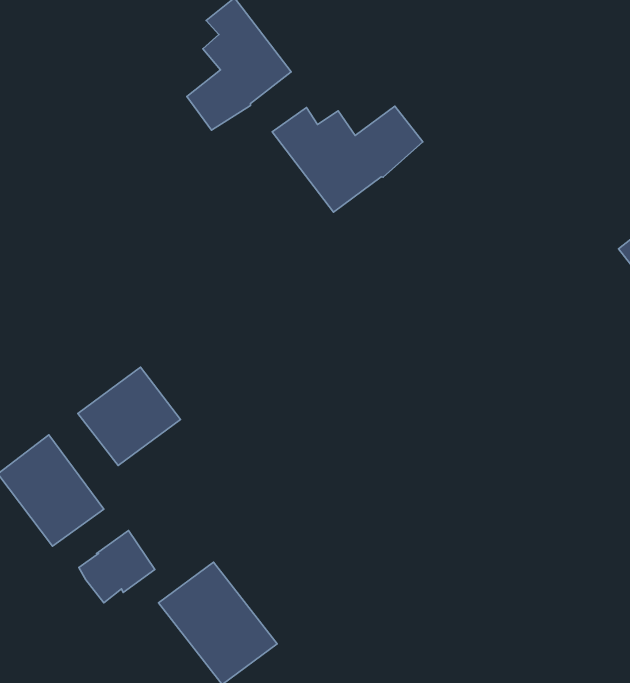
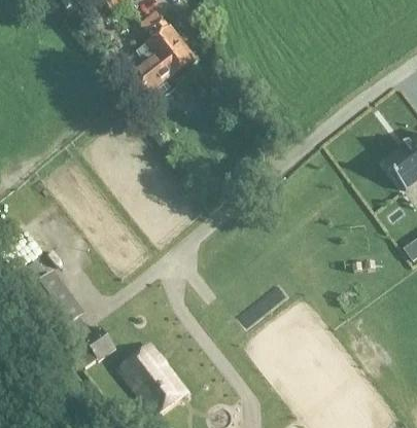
building: [272,106,423,212] -> none
building: [78,367,181,466] -> none

